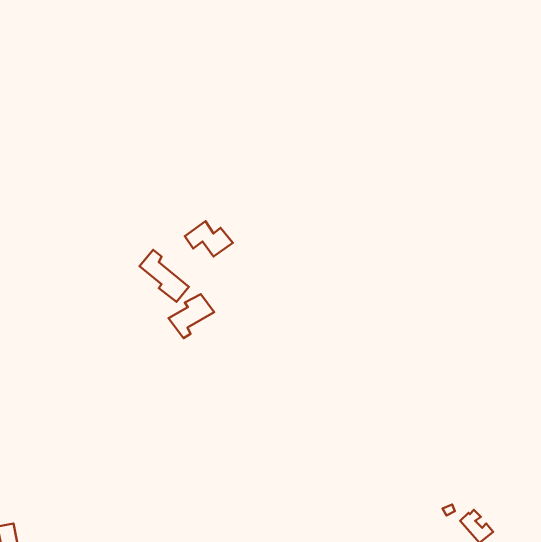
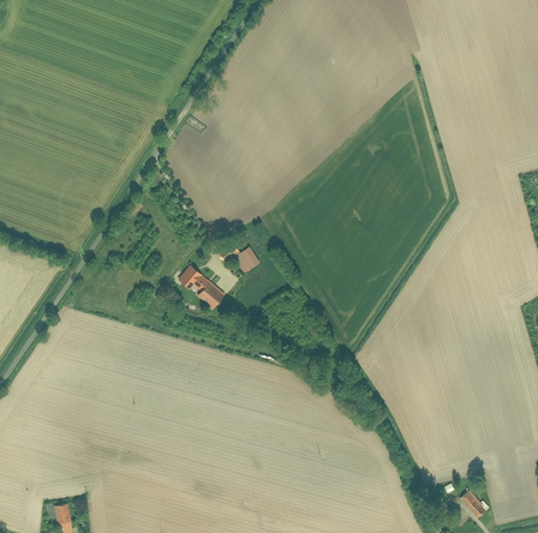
building: [168,294,214,338] -> none

